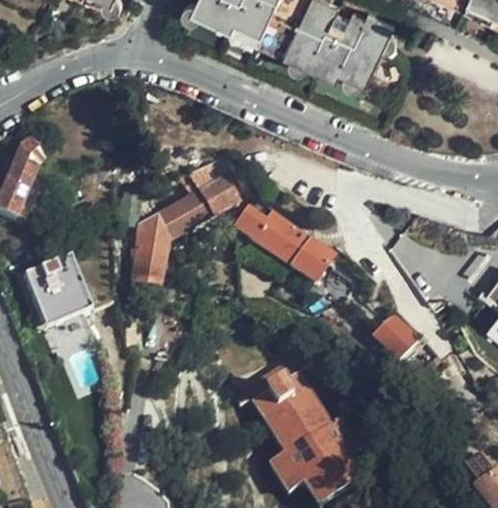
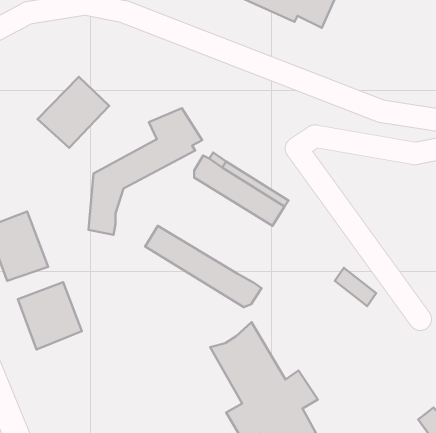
building: none -> [38,77,109,148]
building: none -> [145,226,261,307]
building: none -> [18,282,82,350]

